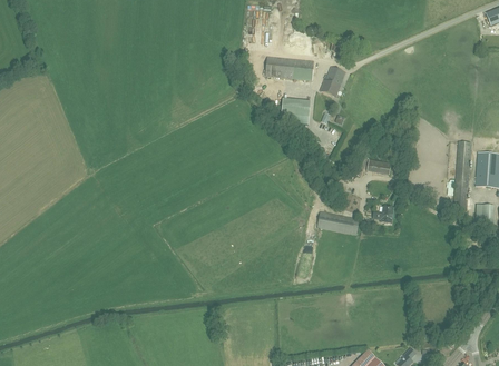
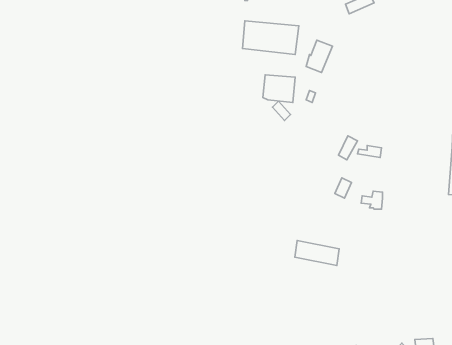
building: [317,211,359,235] -> [295,240,339,266]

